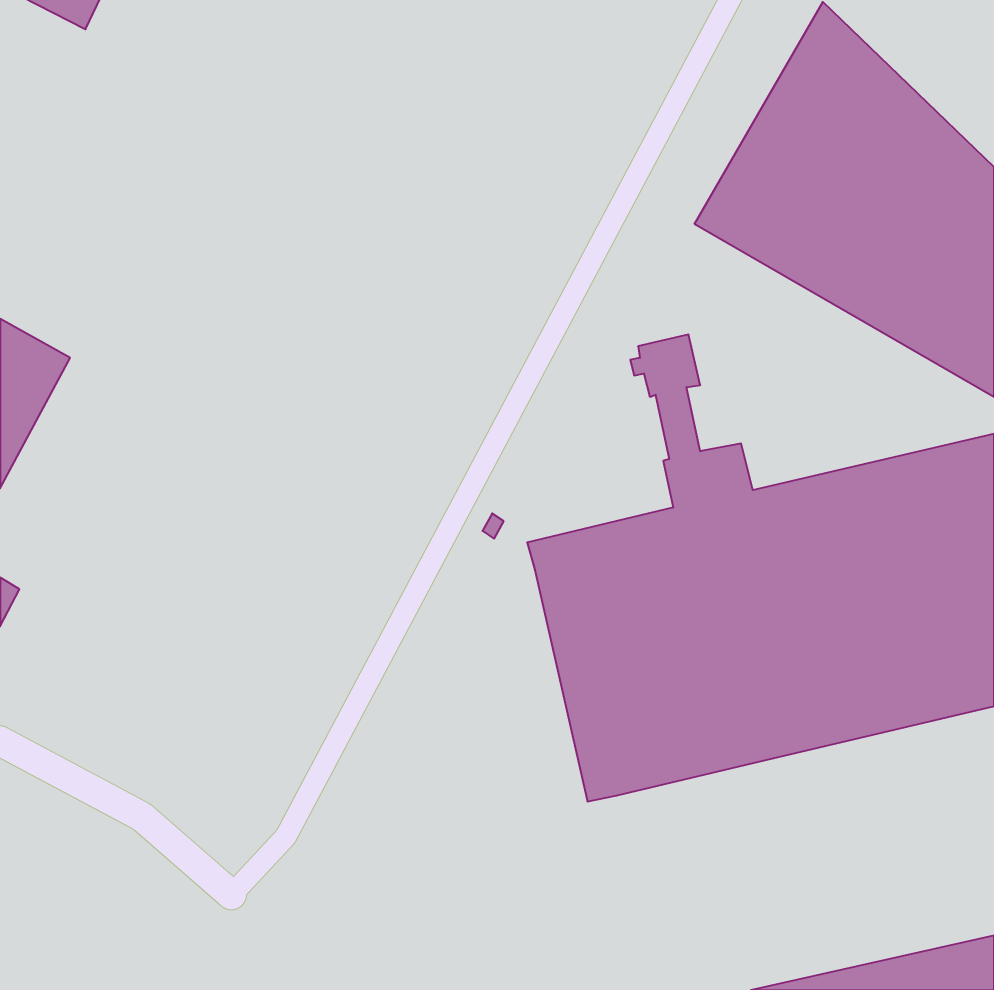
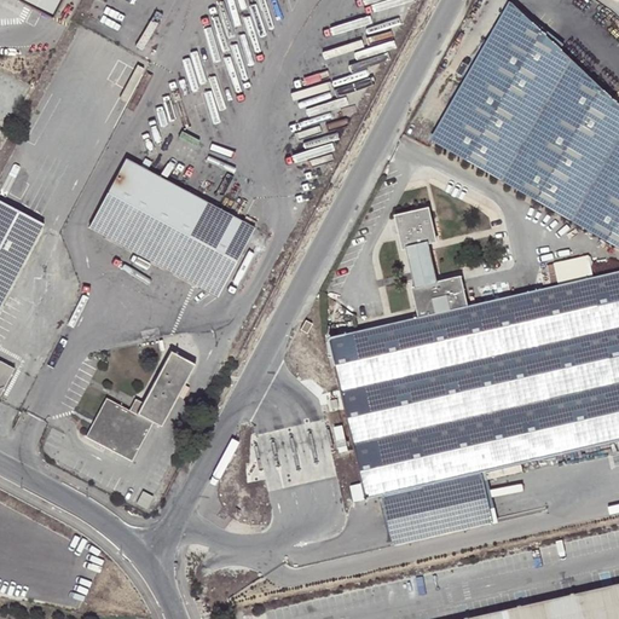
building: none -> [88,156,255,295]
building: none -> [85,348,195,459]
building: none -> [383,472,491,543]

